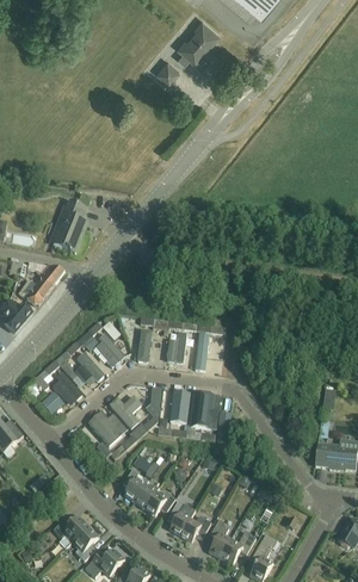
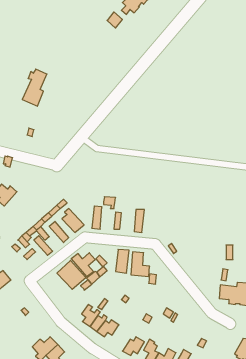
building: [53,200,87,253] -> [22,69,47,106]
building: [20,260,64,303] -> none
building: [166,500,195,535] -> none

